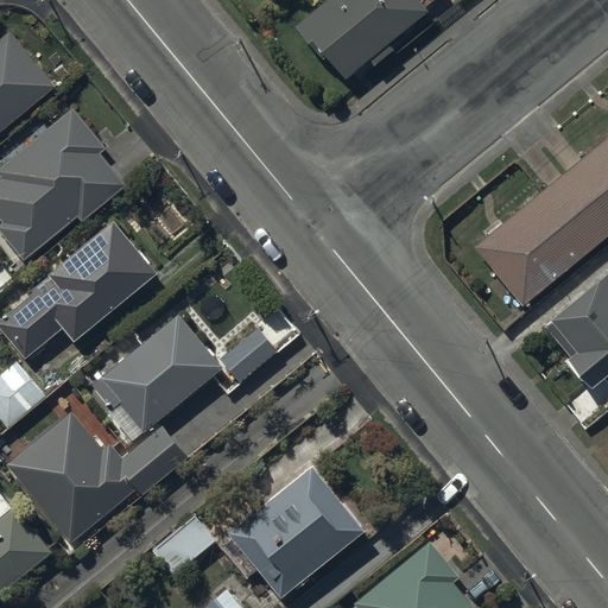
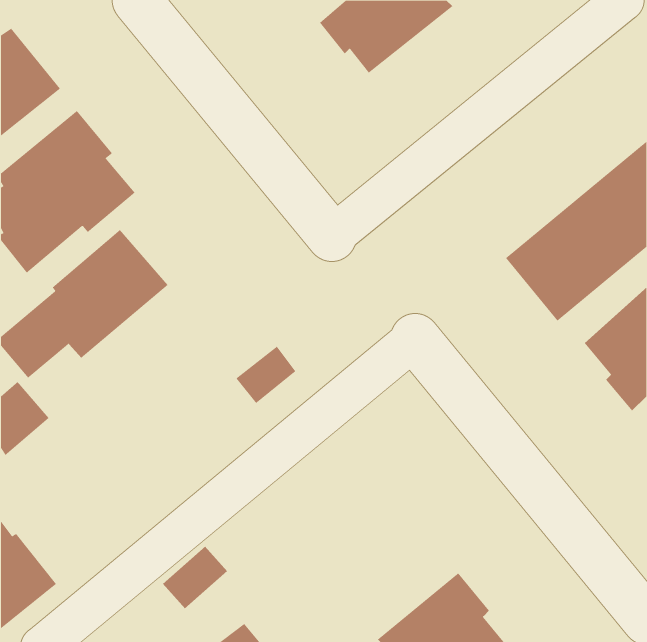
building: [95,316,223,439] -> none
building: [6,411,189,544] -> none
building: [222,463,366,596] -> none

